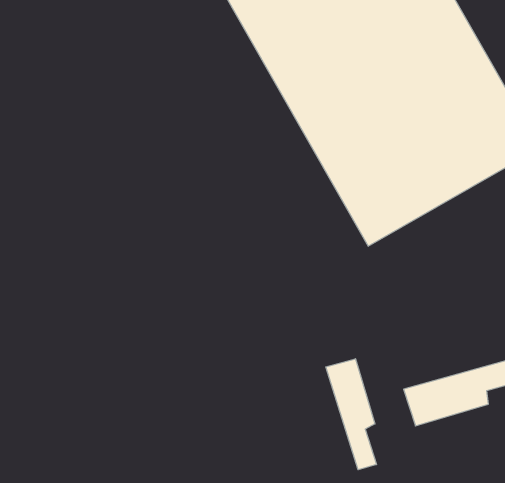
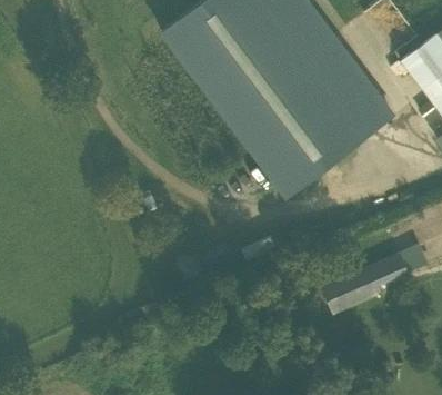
building: [326,359,376,470] -> none

